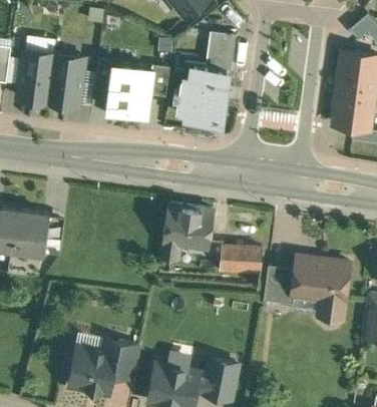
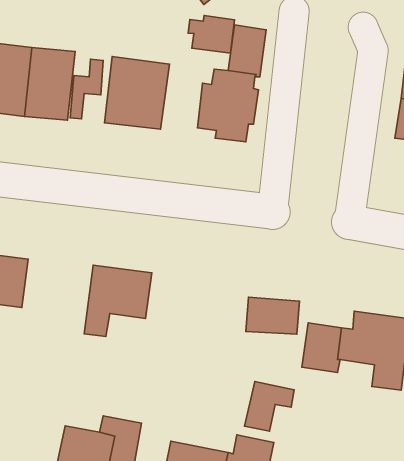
building: none -> [188,15,235,53]
building: [160,206,214,262] -> [84,265,152,336]
building: none -> [244,382,294,431]

